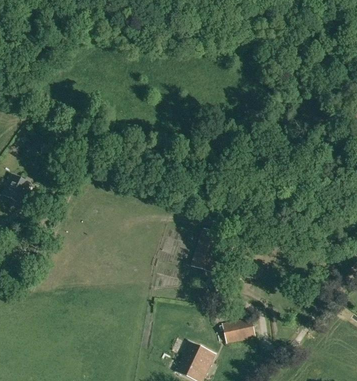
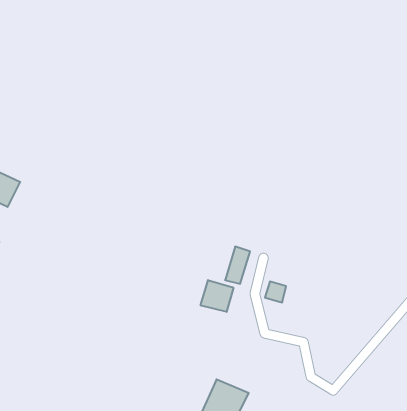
building: none -> [201,280,233,312]
building: [224,317,257,343] -> none

